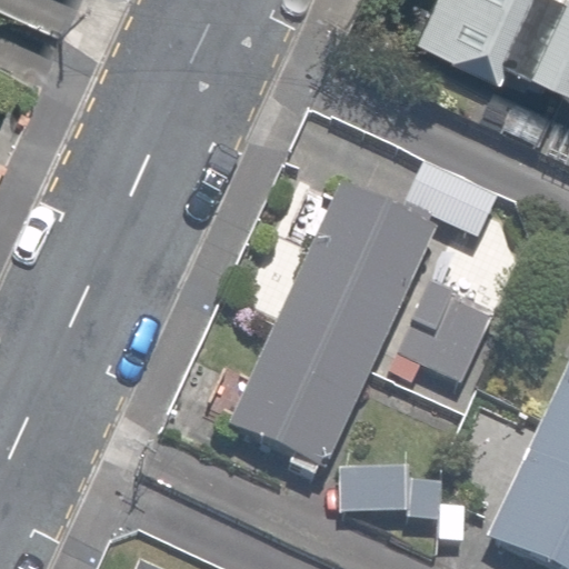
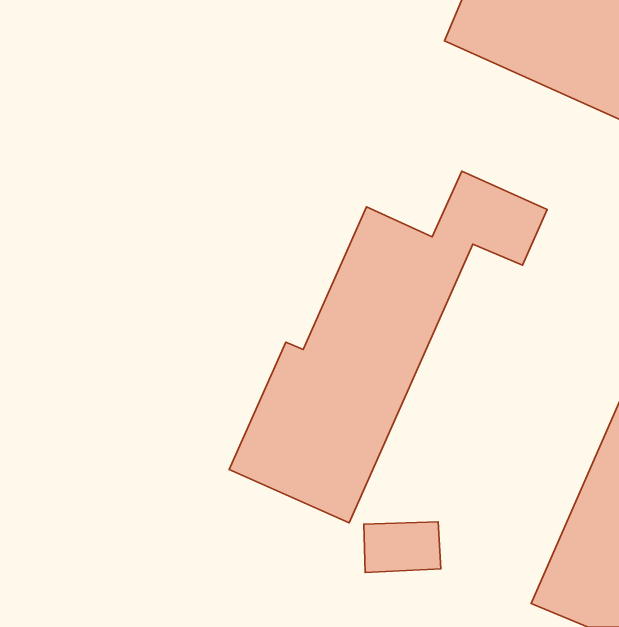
building: [387,280,495,385] -> none

